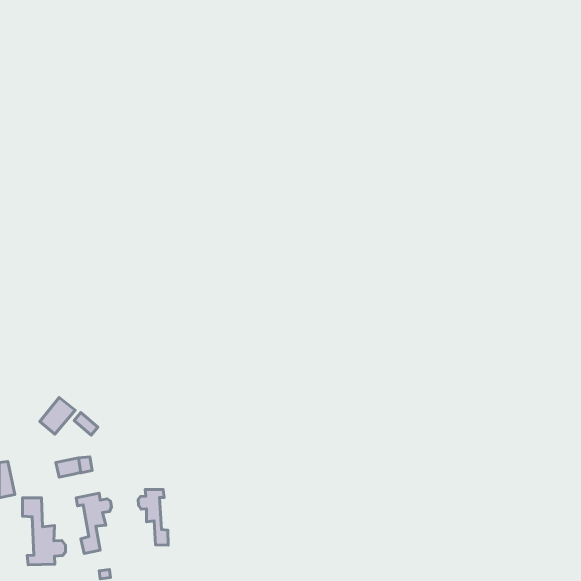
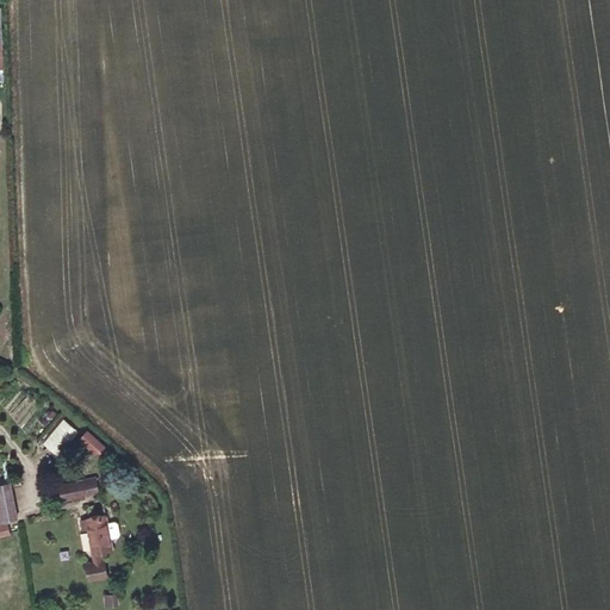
building: [138,489,168,545] -> none
building: [23,498,66,565] -> none

